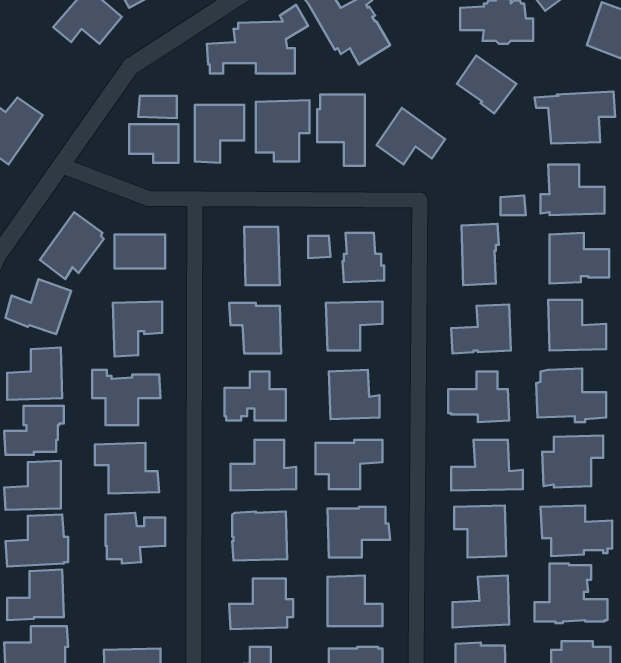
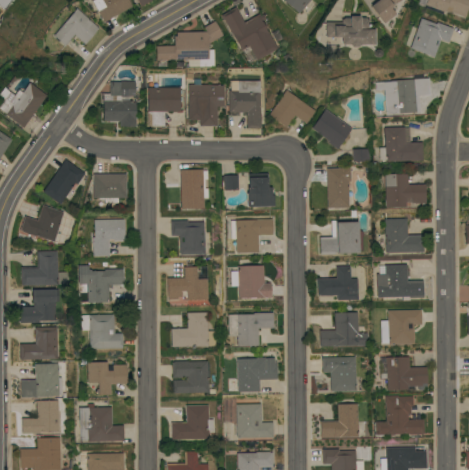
building: [457,55,516,114] -> [313,109,353,148]
building: none -> [79,403,124,441]

